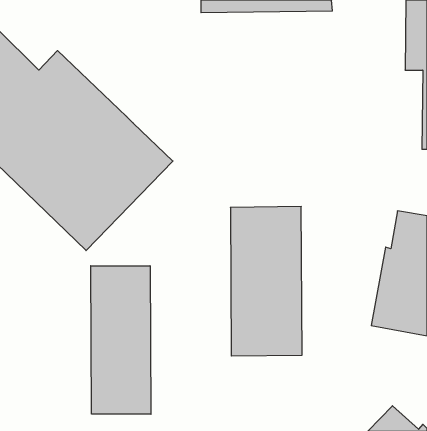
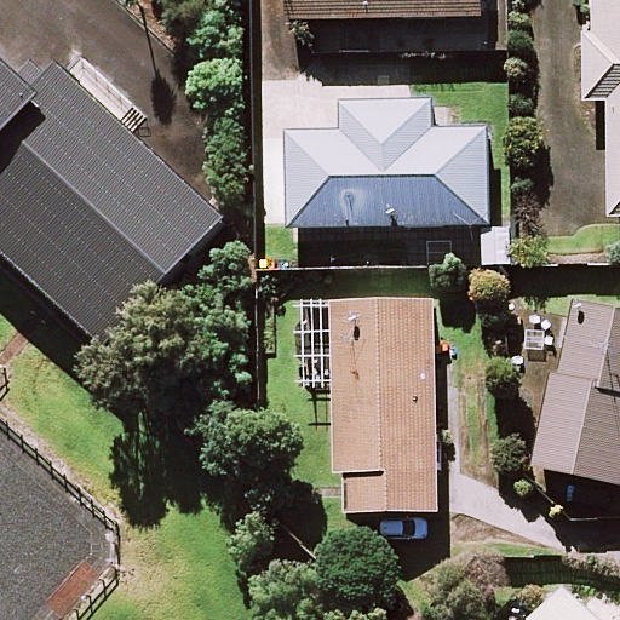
building: none -> [288,103,484,226]
building: [91,266,151,414] -> none

